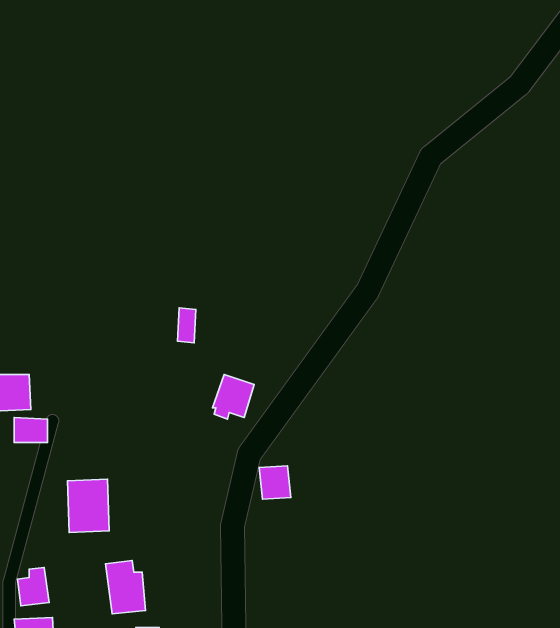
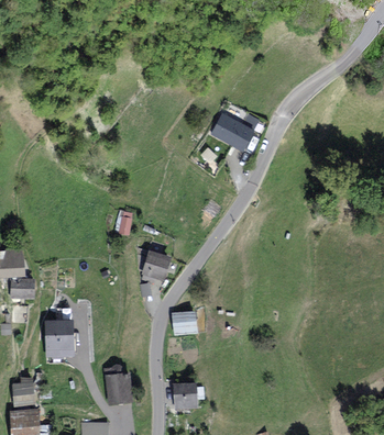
building: none -> [212,114,257,149]
building: [105,561,145,614] -> [105,367,131,402]
building: none -> [174,383,195,408]

